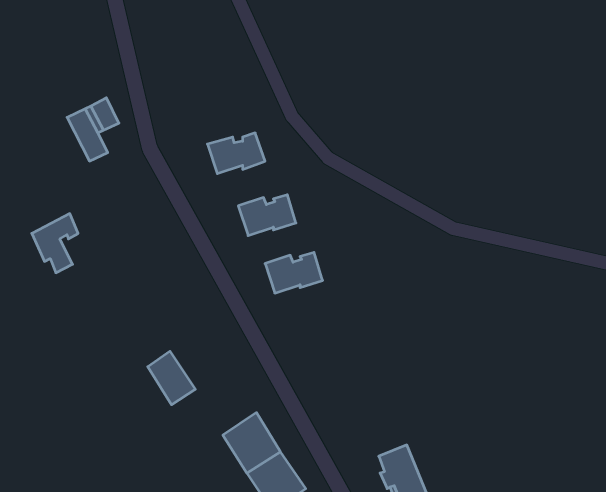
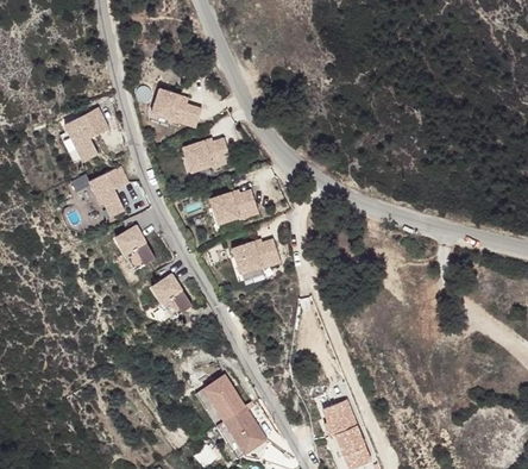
building: none -> [150,88,201,127]
building: [32,214,78,273] -> [89,167,128,217]
building: none -> [114,225,155,270]
building: [148,351,195,405] -> [151,273,191,318]

